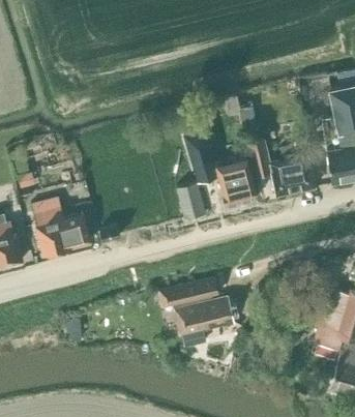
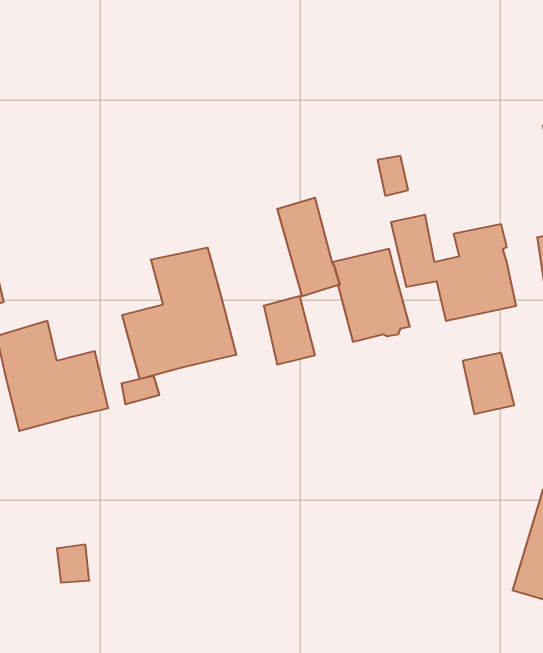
building: none -> [122,248,236,379]
building: none -> [463,353,514,414]
building: [161,277,234,348] -> none

